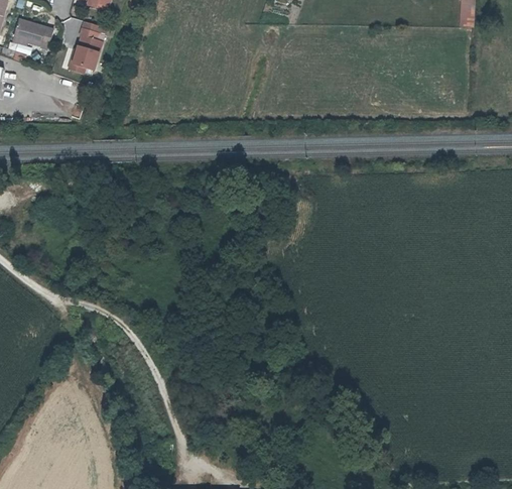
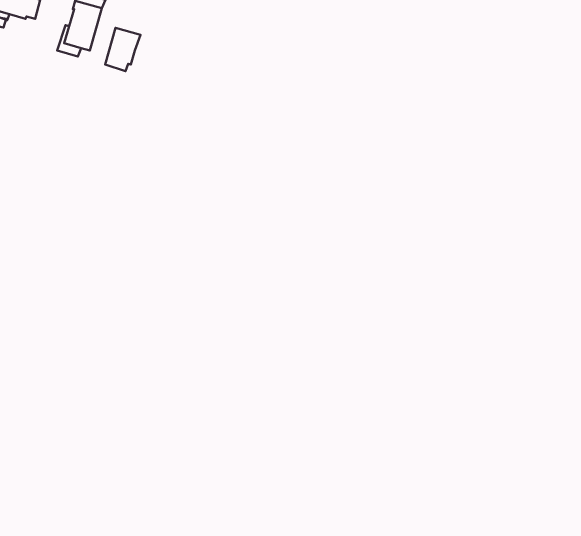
building: none -> [105,28,140,71]

